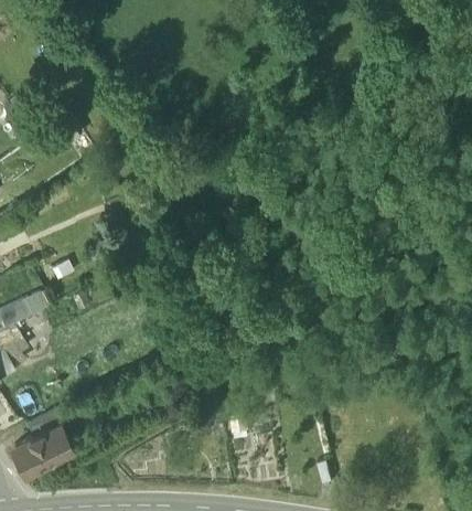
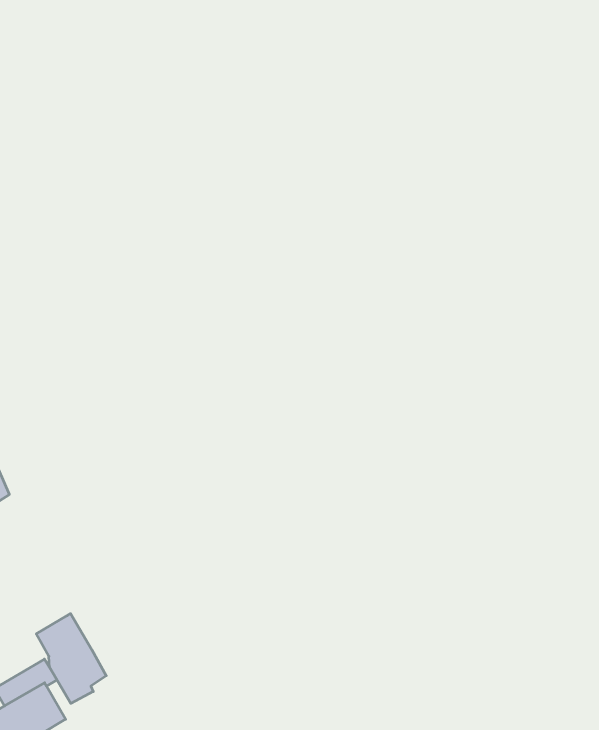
building: none -> [36,614,106,703]

